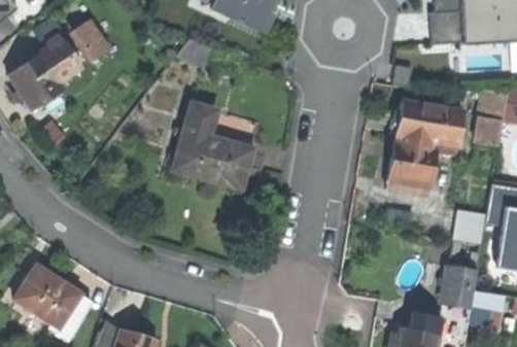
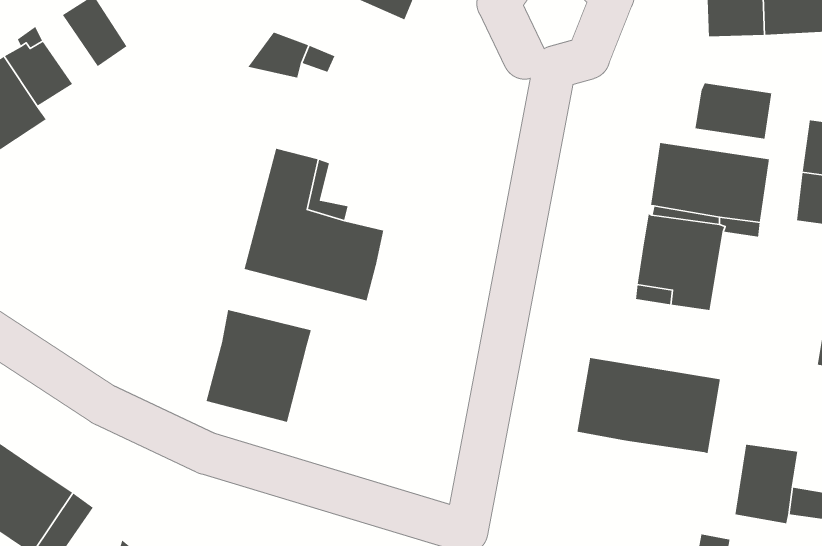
building: none -> [695,82,772,139]
building: none -> [205,309,312,423]
building: [453,210,486,243] -> none
building: none -> [576,357,721,454]

